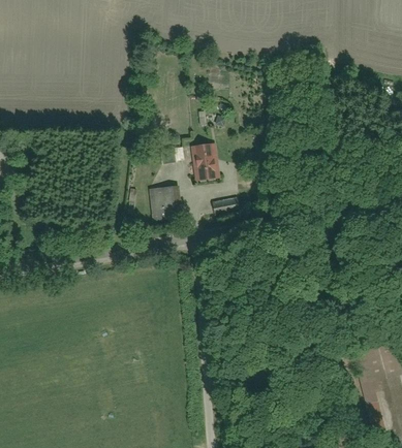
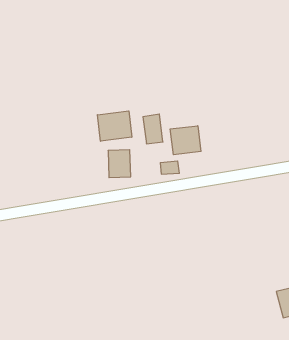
building: none -> [97,111,132,141]
building: none -> [170,126,201,155]

